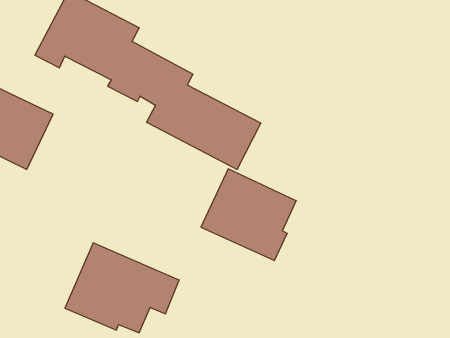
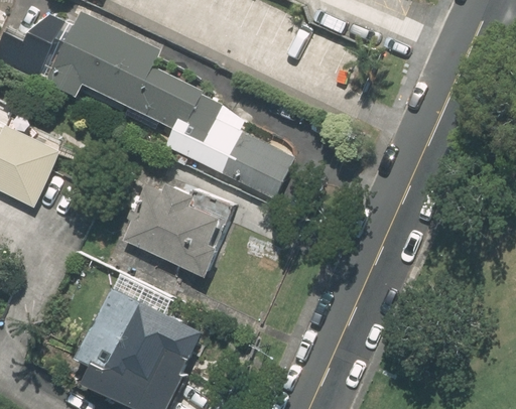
building: [201,169,296,261] -> [124,175,230,277]

